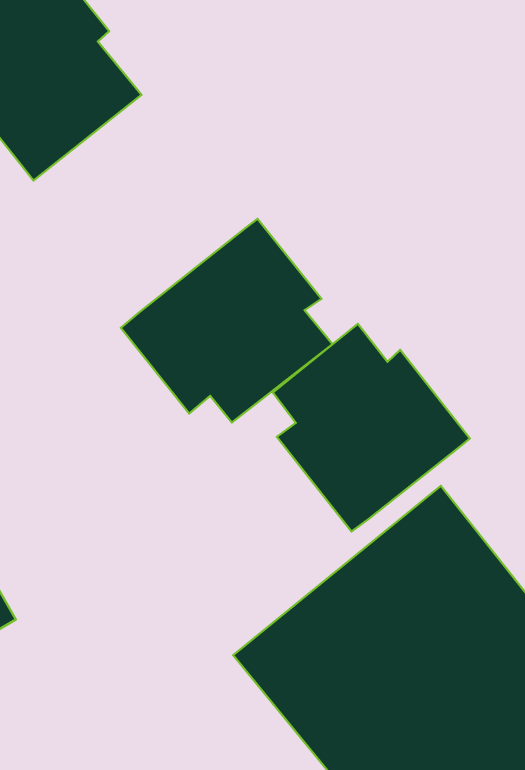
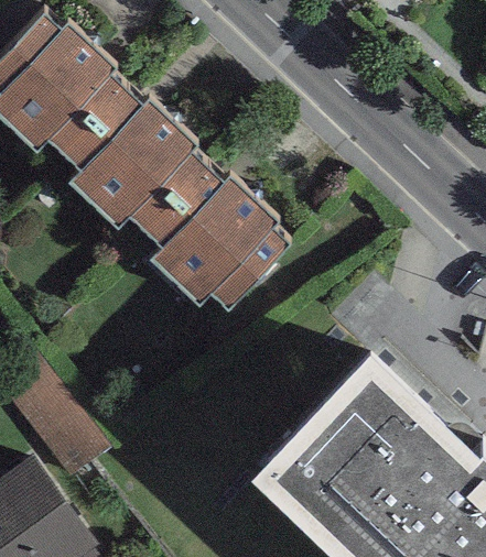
building: none -> [69,100,222,247]
building: [273,324,470,531] -> none

